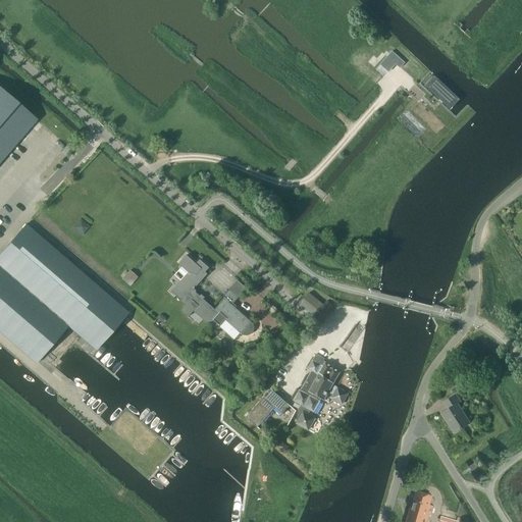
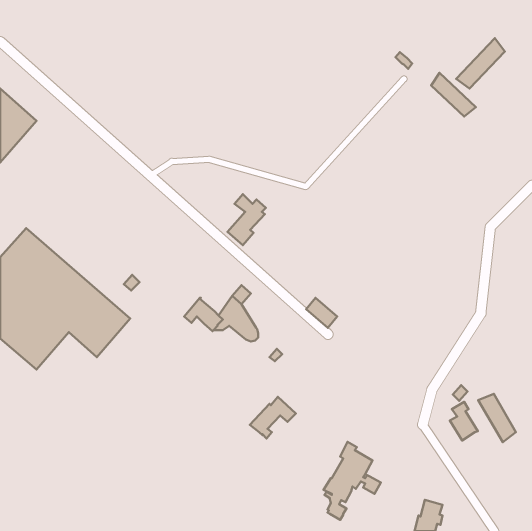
building: none -> [456,38,505,89]
building: [170,254,208,304] -> [227,194,266,245]
building: [292,353,348,429] -> [323,442,381,520]
building: none -> [478,394,516,442]

